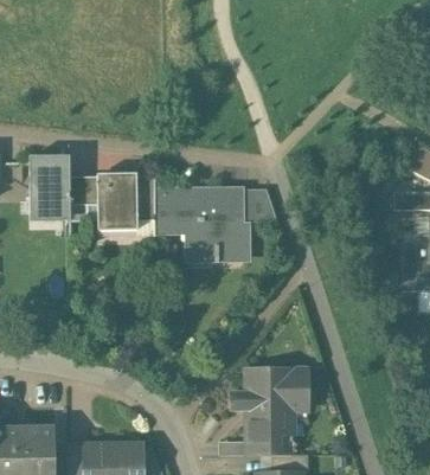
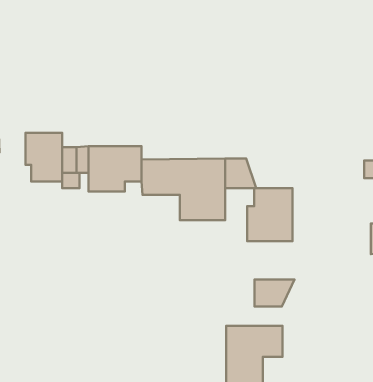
building: none -> [247,188,293,241]
building: none -> [255,280,295,306]

